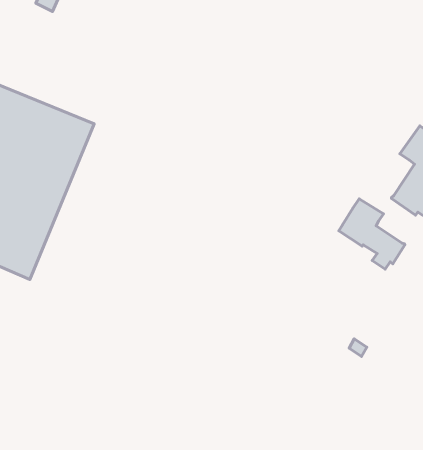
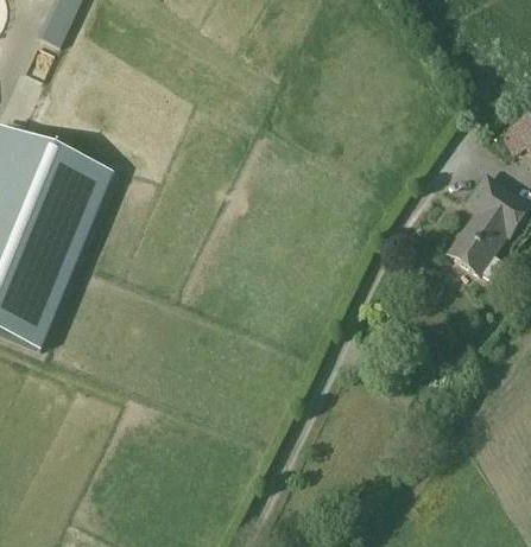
building: [339,199,405,269] -> none

